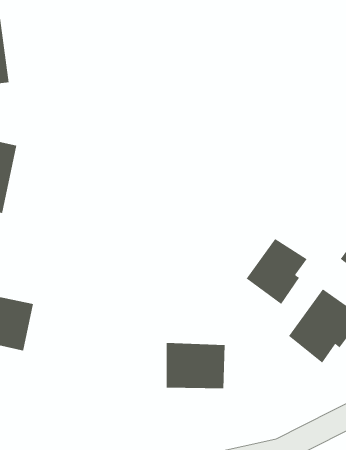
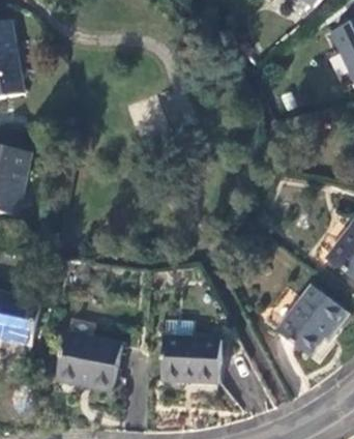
building: [246,238,308,305] -> none
building: none -> [58,332,120,388]

